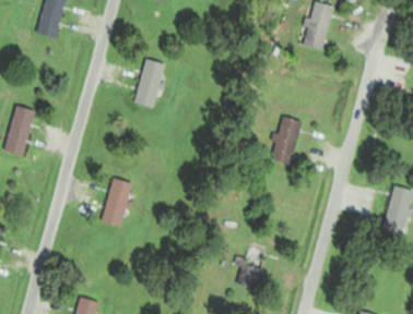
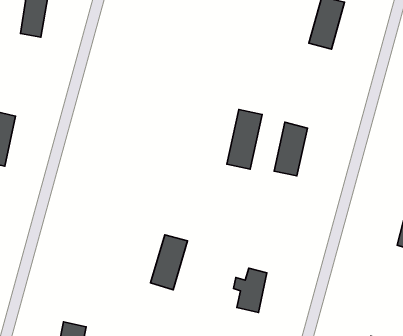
building: [134,59,164,107] -> none
building: none -> [227,110,262,169]
building: [99,178,133,228] -> [150,235,188,290]

